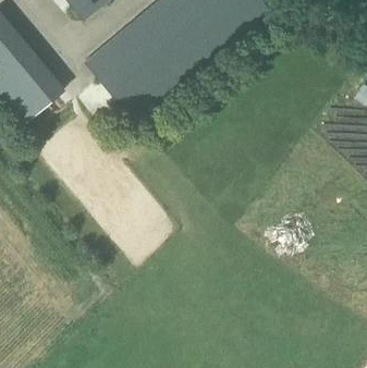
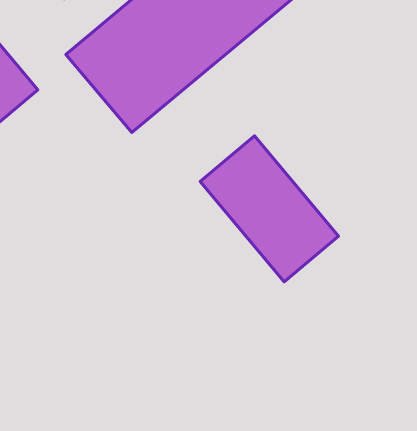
building: none -> [200,136,339,282]

